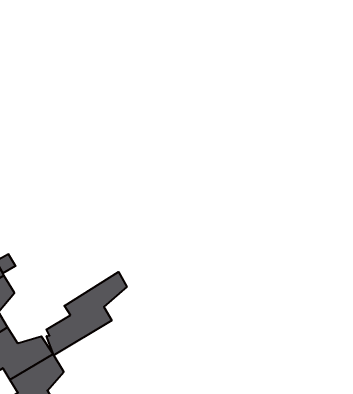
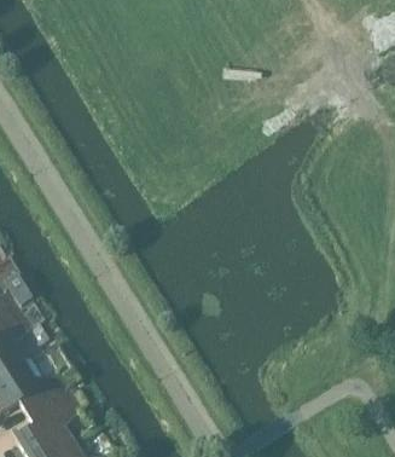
building: [46,272,127,355] -> none

